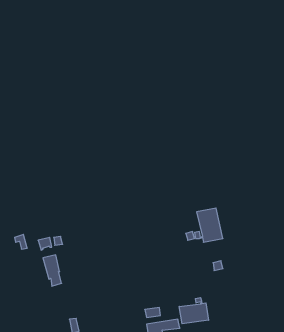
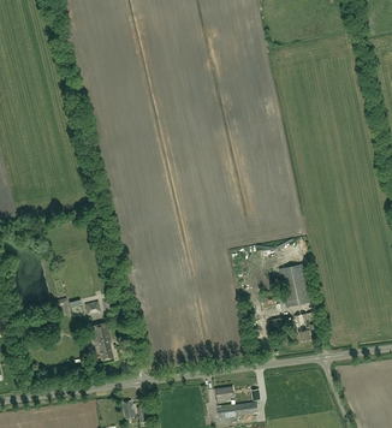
building: [179,298,209,324] -> none

